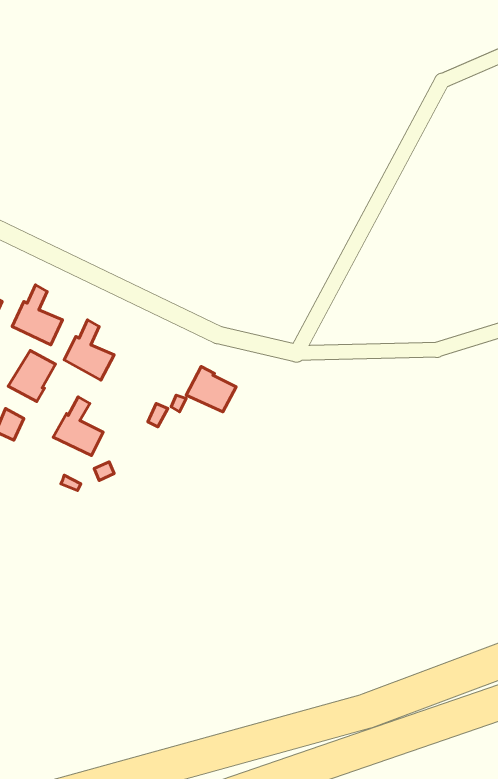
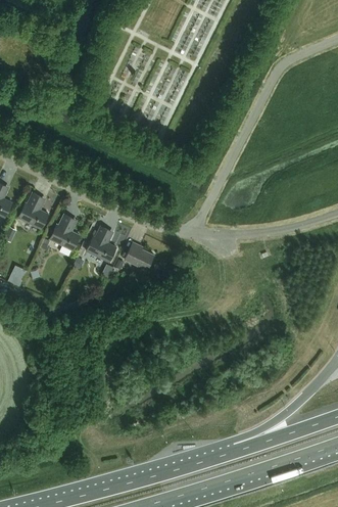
building: [8,351,56,402] -> none
building: [53,397,103,455] -> [86,226,116,262]

